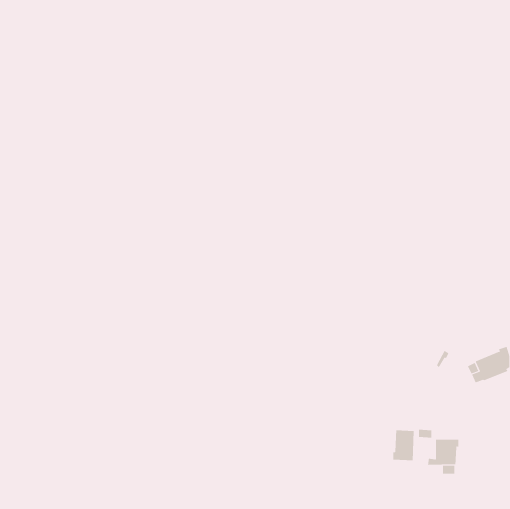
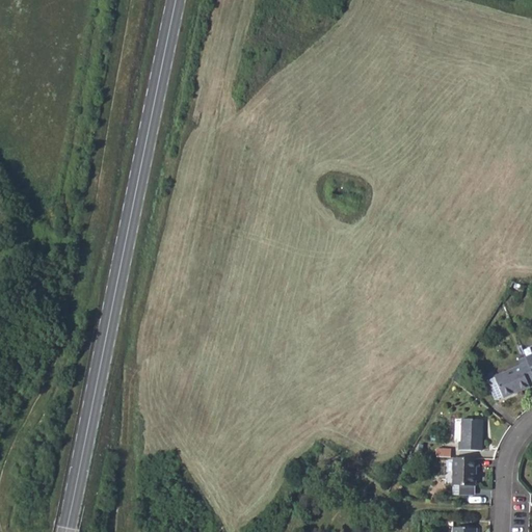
building: [393,430,415,461] -> [459,418,482,450]

